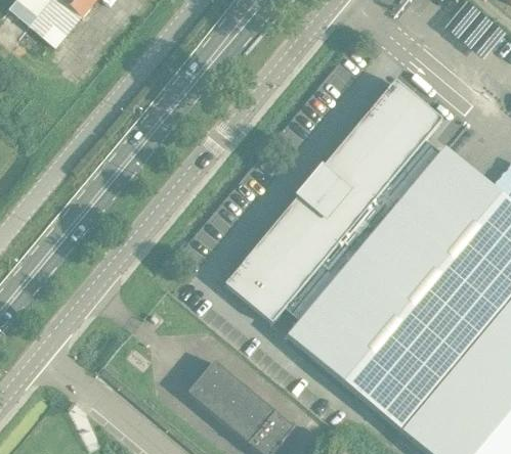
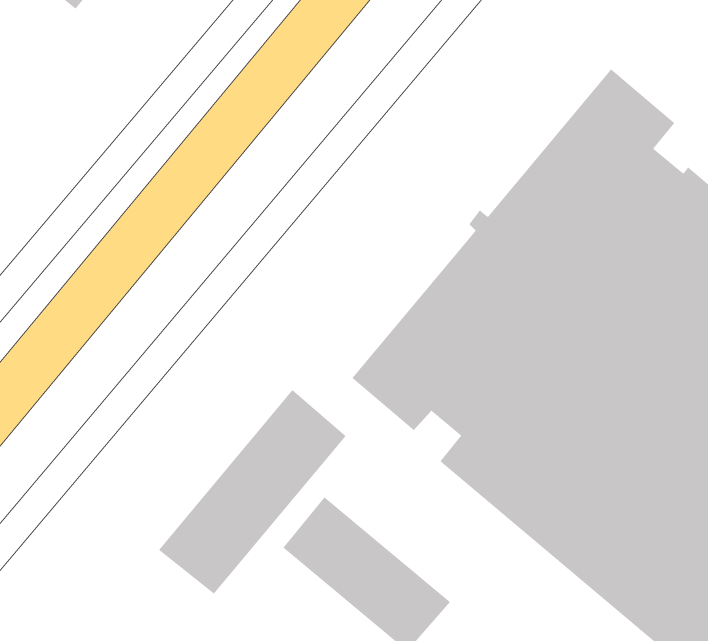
building: none -> [158,389,347,594]

